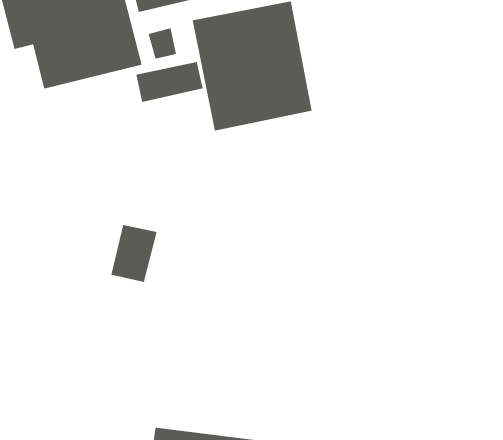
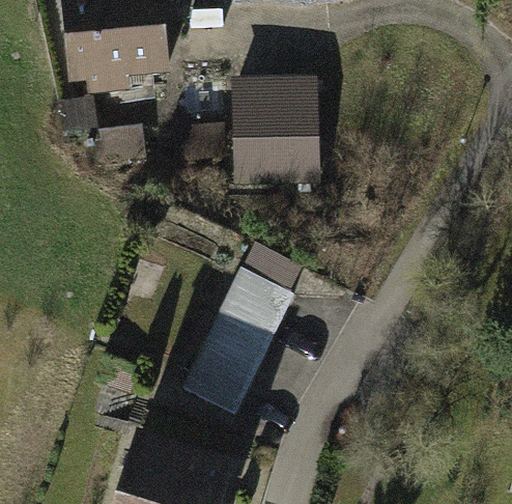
building: none -> [180,268,292,414]

